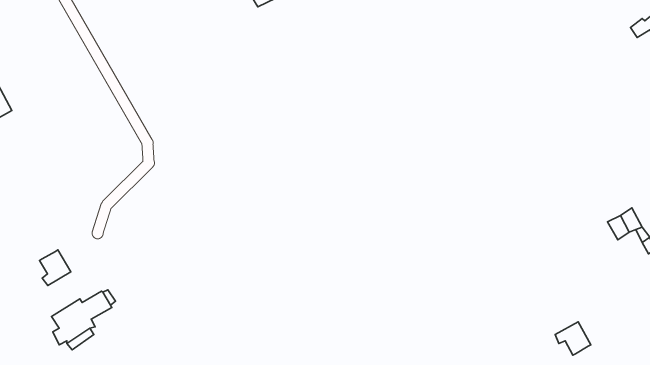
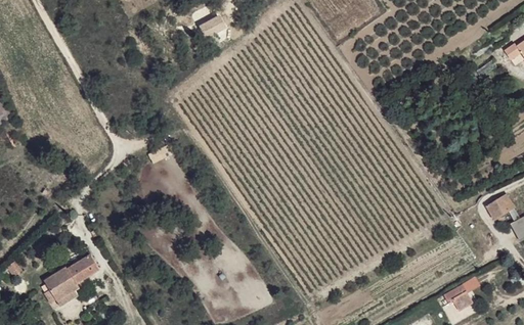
building: [40,250,71,286] -> none

